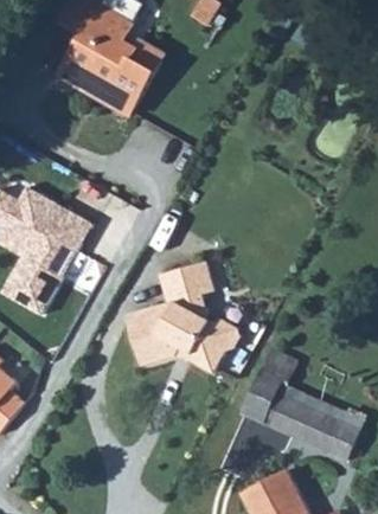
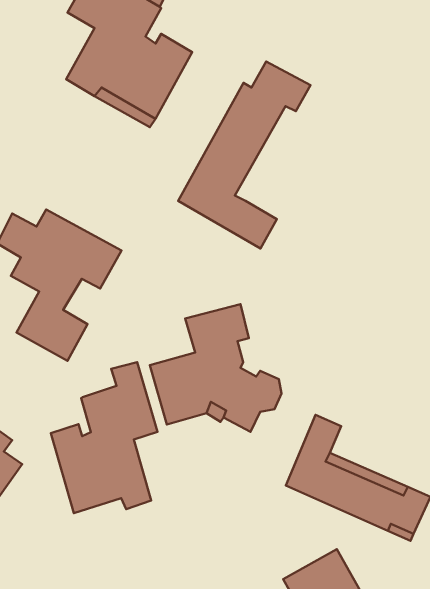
building: none -> [178,61,311,249]
building: none -> [51,362,158,513]

